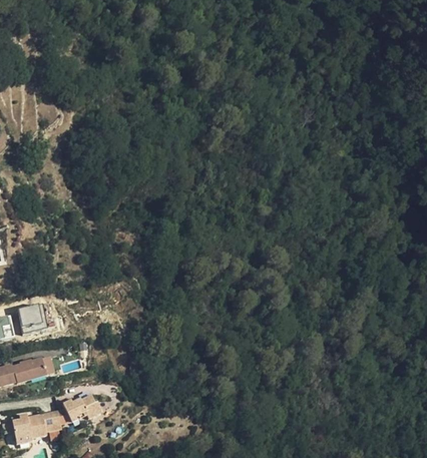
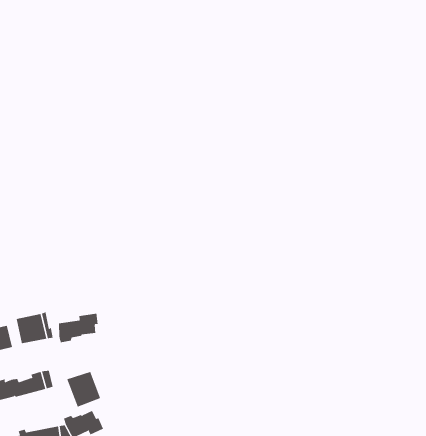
building: none -> [58,313,98,343]
building: none -> [66,371,101,407]

